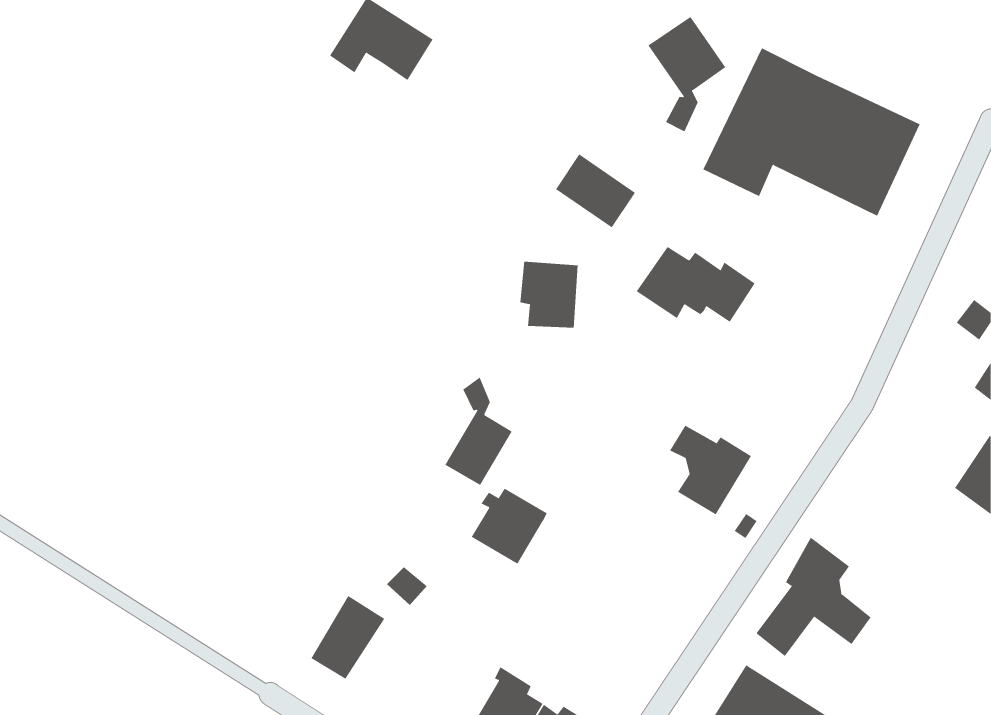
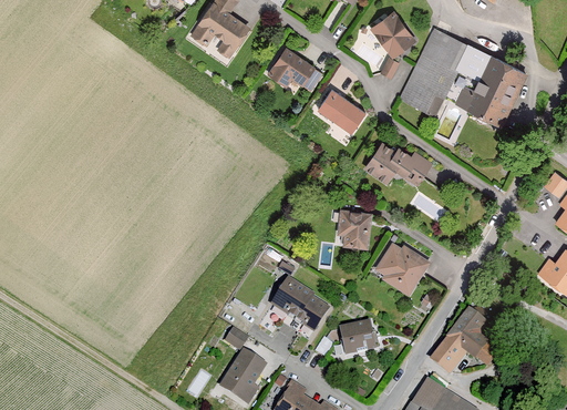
building: none -> [267,47,322,91]
building: [519,261,578,328] -> [338,209,371,247]
building: [444,376,513,486] -> none
building: none -> [298,297,329,331]
building: none -> [338,319,380,356]
building: [310,595,385,680] -> [221,350,264,398]

